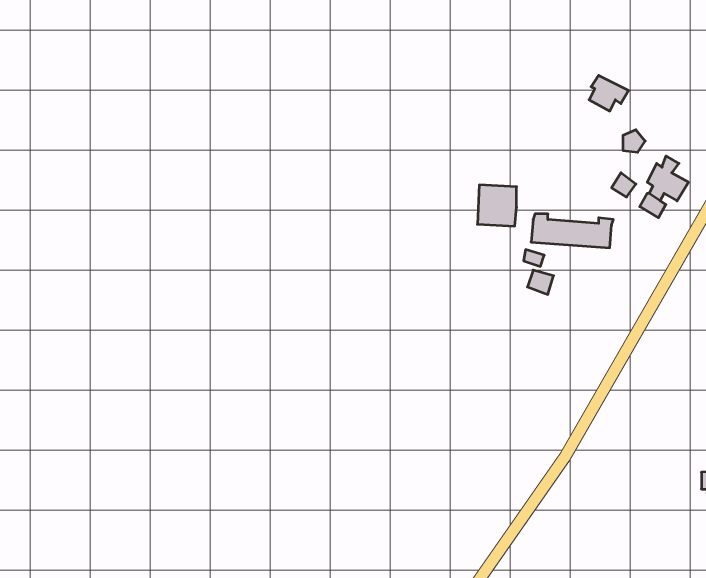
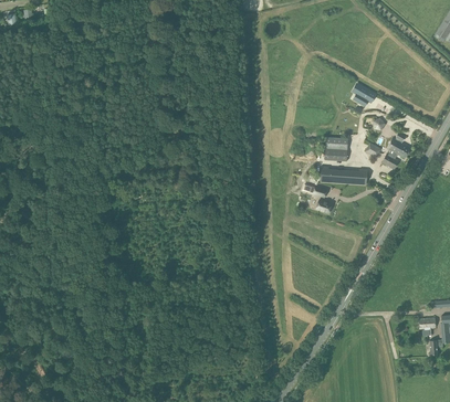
building: [477,185,517,226] -> [325,136,348,160]

